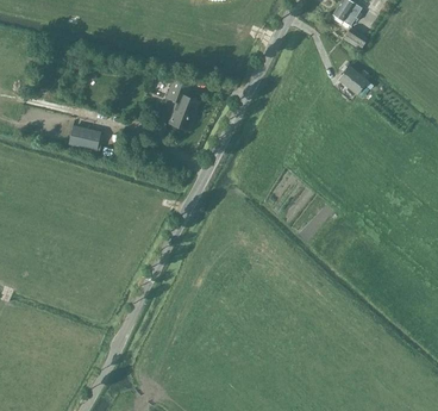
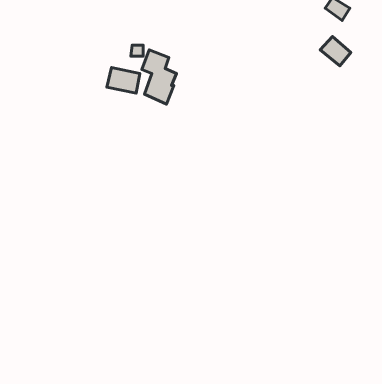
building: [69,125,101,150] -> [107,67,140,93]

